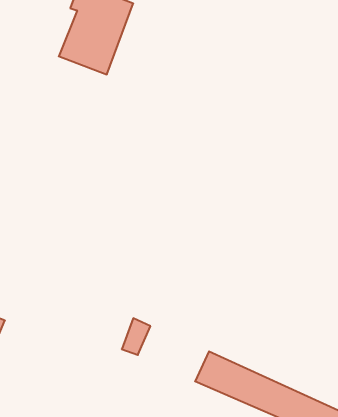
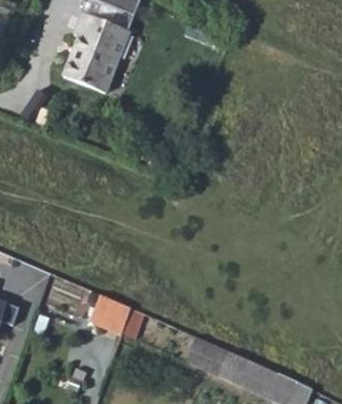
building: none -> [88,294,130,334]

